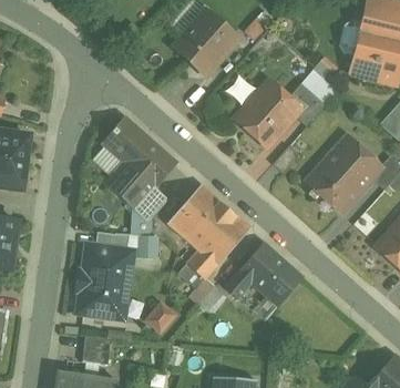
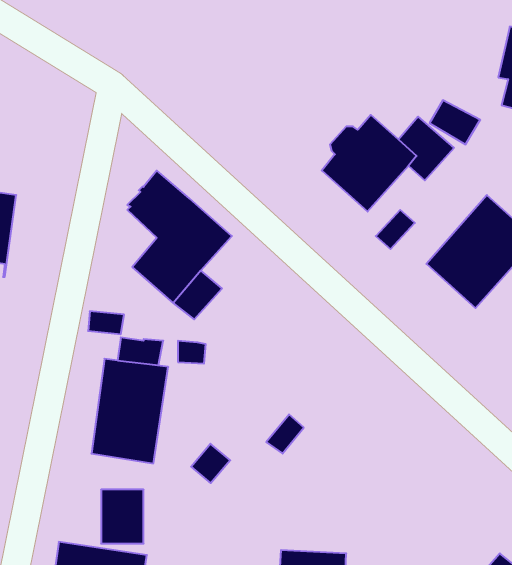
building: [174,10,238,72] -> none
building: [170,186,248,285] -> none
building: [225,242,304,306] -> none

